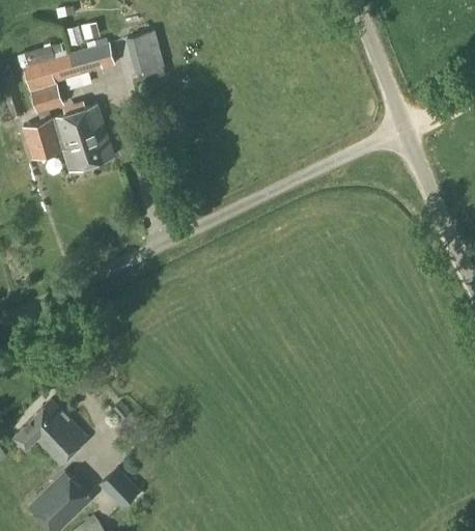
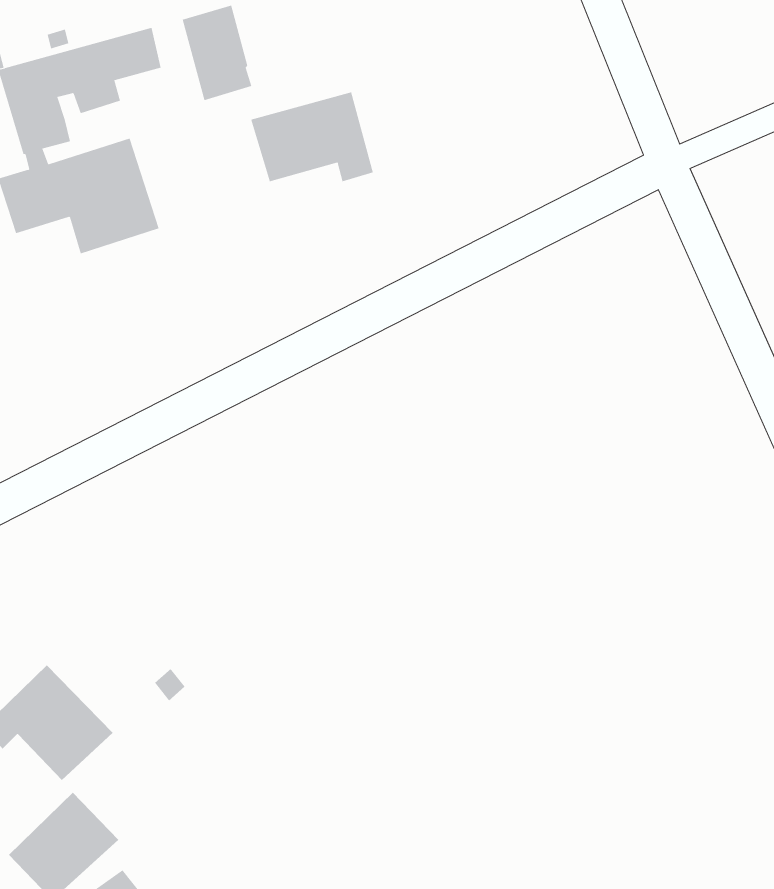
building: none -> [251,92,374,182]
building: [101,469,138,507] -> none

